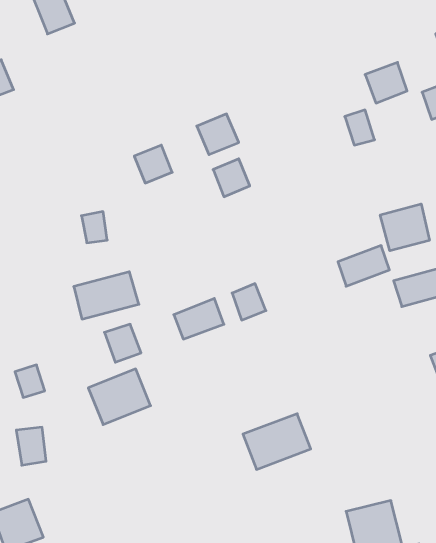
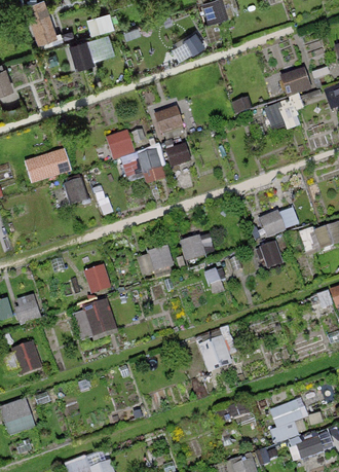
building: none -> [70,32,115,66]
building: none -> [121,149,165,182]
building: [380,204,429,251] -> none
building: [74,272,139,319] -> [24,148,73,184]

